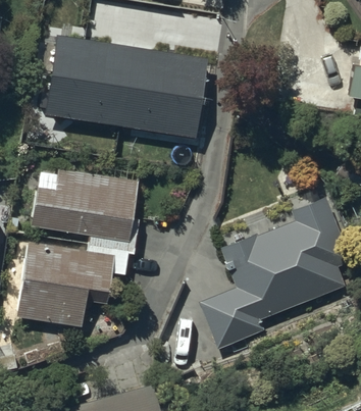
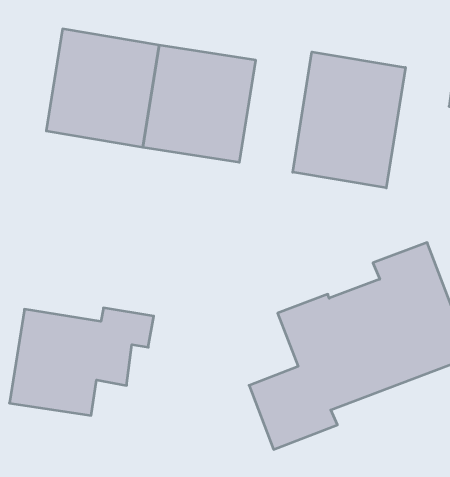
building: none -> [293,52,405,188]
building: [33,169,138,251] -> none

